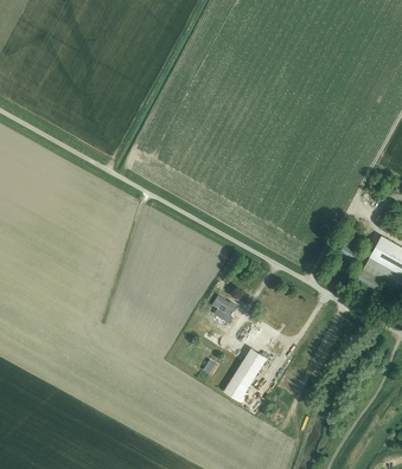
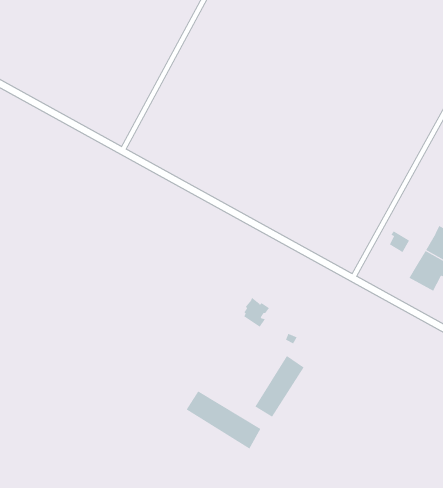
building: none -> [186,390,261,450]

